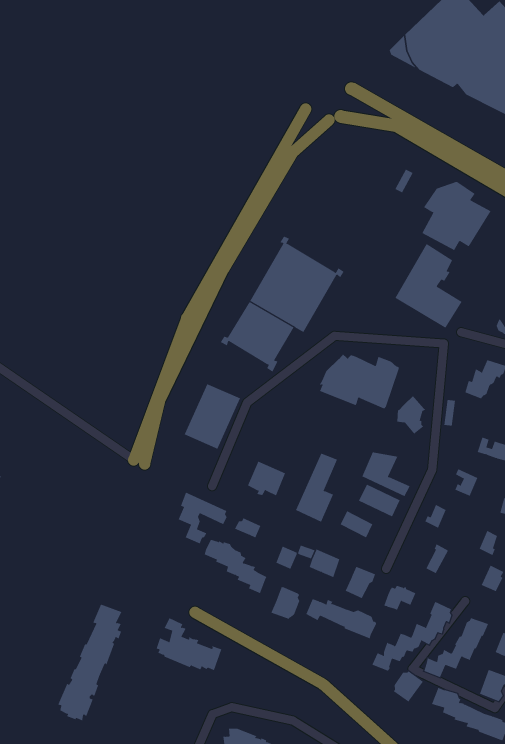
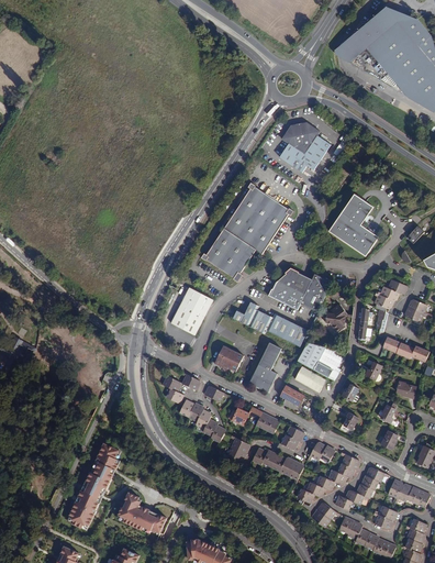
building: [422,181,492,251] -> [279,121,331,172]
building: none -> [233,302,308,346]
building: [156,617,222,671] -> [118,492,166,532]

